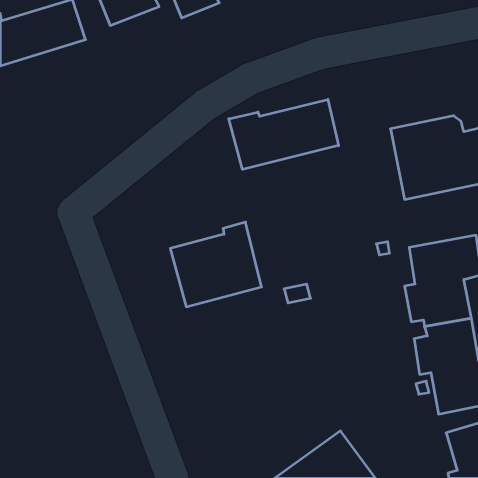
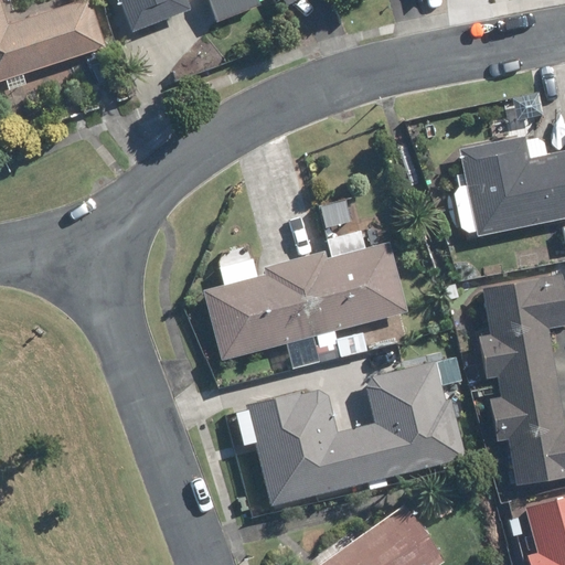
building: [229,99,339,169] -> none
building: none -> [291,243,408,337]
building: none -> [248,361,466,505]

